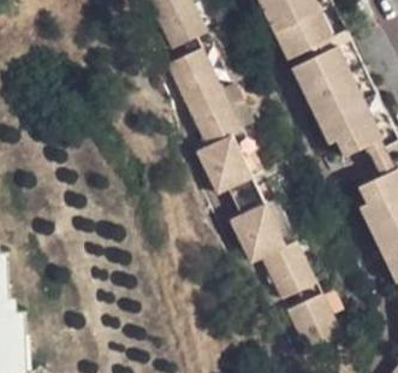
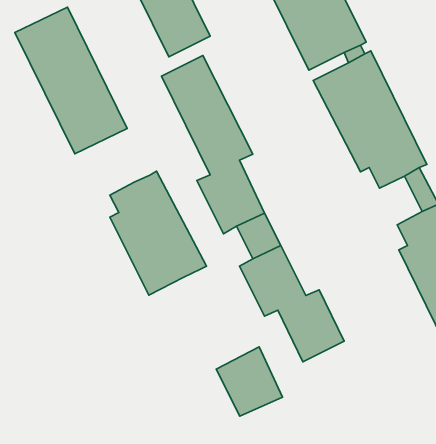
building: none -> [15,7,127,154]
building: none -> [110,171,206,295]
building: [289,292,343,349] -> [216,347,283,416]

